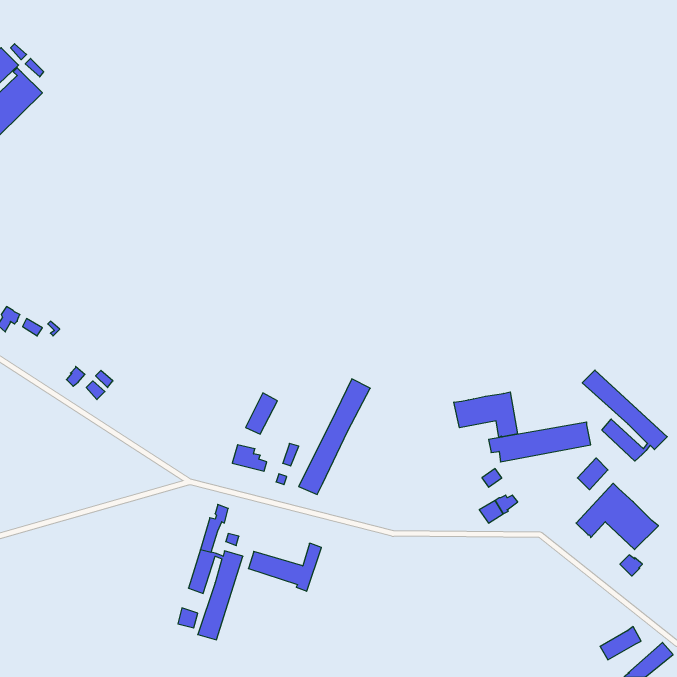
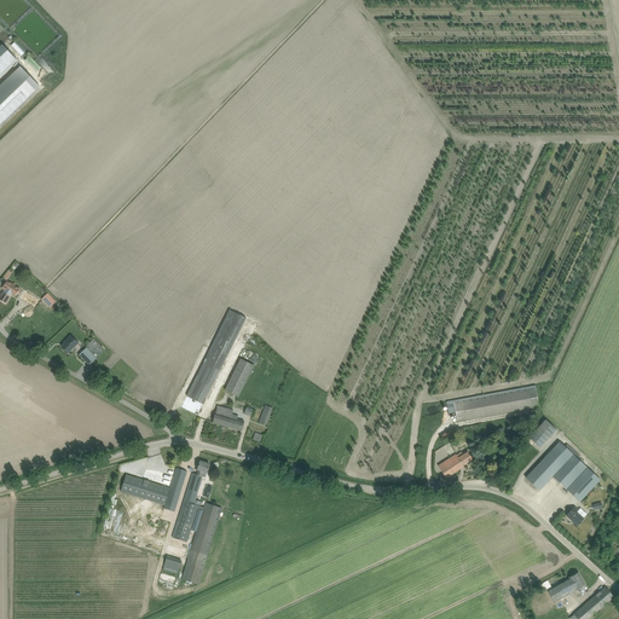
building: [582,370,667,461] -> none
building: [299,379,370,494] -> [180,308,245,413]
building: [454,392,518,438] -> none
building: [248,543,321,591] -> [120,467,186,510]

